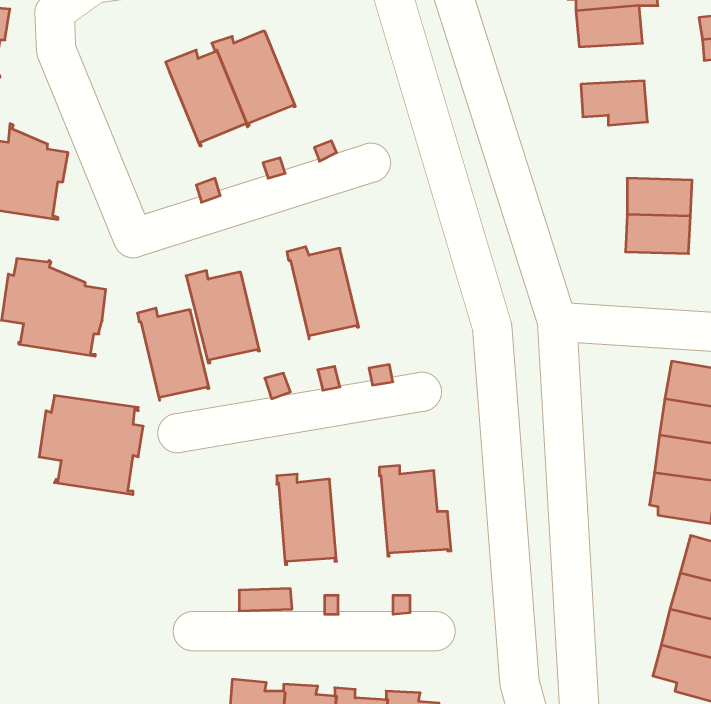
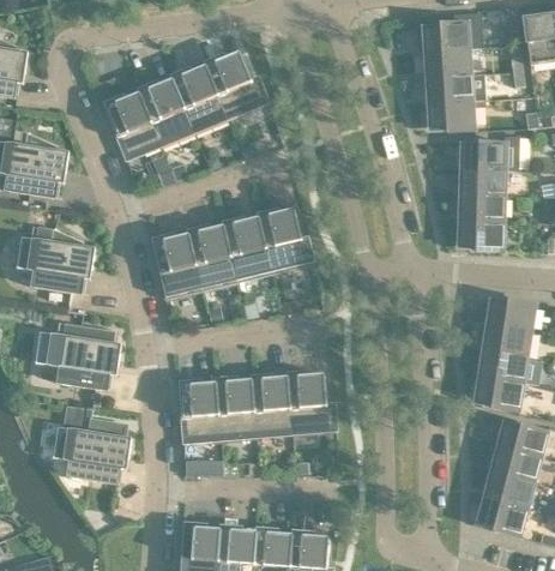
building: none -> [201,52,267,119]
building: none -> [426,73,483,103]
building: none -> [102,92,159,161]
building: none -> [459,142,505,170]
building: none -> [255,209,314,274]
building: none -> [457,221,502,252]
building: [137,308,209,400] -> [186,226,236,290]
building: none -> [249,373,291,438]
building: none -> [177,379,219,444]
building: none -> [56,404,131,485]

